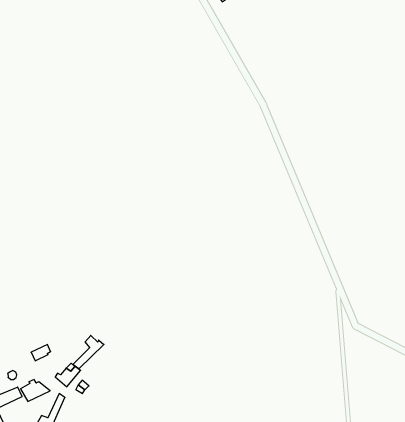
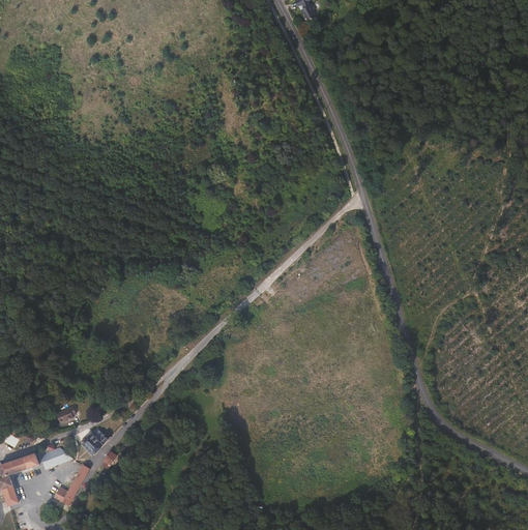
building: [73,335,104,369] -> none

